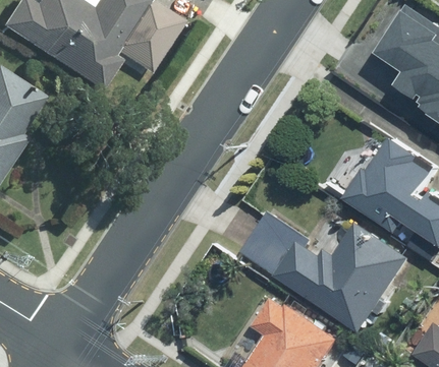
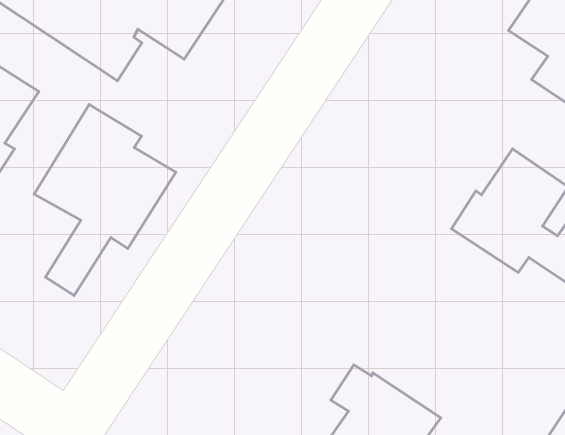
building: none -> [34,104,176,295]
building: [248,215,414,331] -> none

